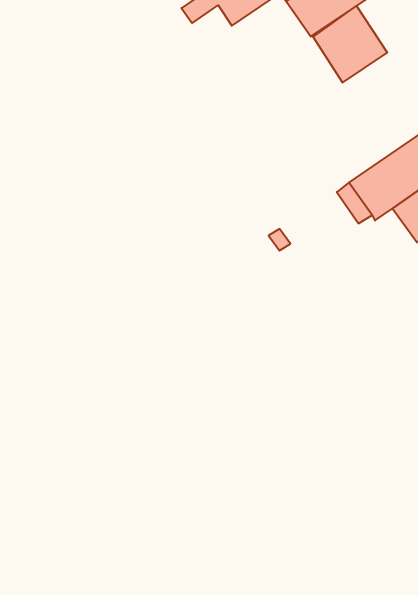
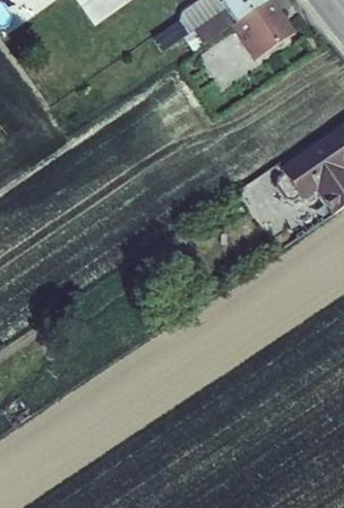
building: [313,6,387,83] -> none

